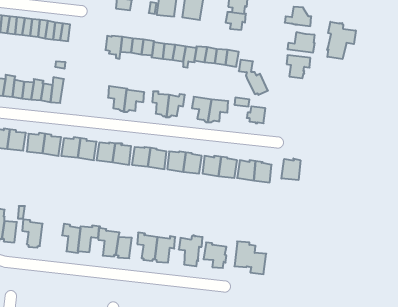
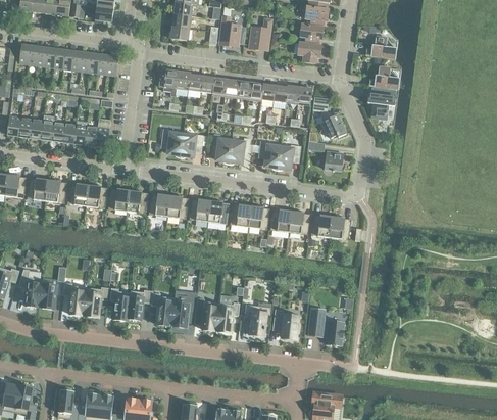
building: [327,22,356,59] -> none
building: [281,158,300,180] -> none
building: none -> [83,286,108,317]

